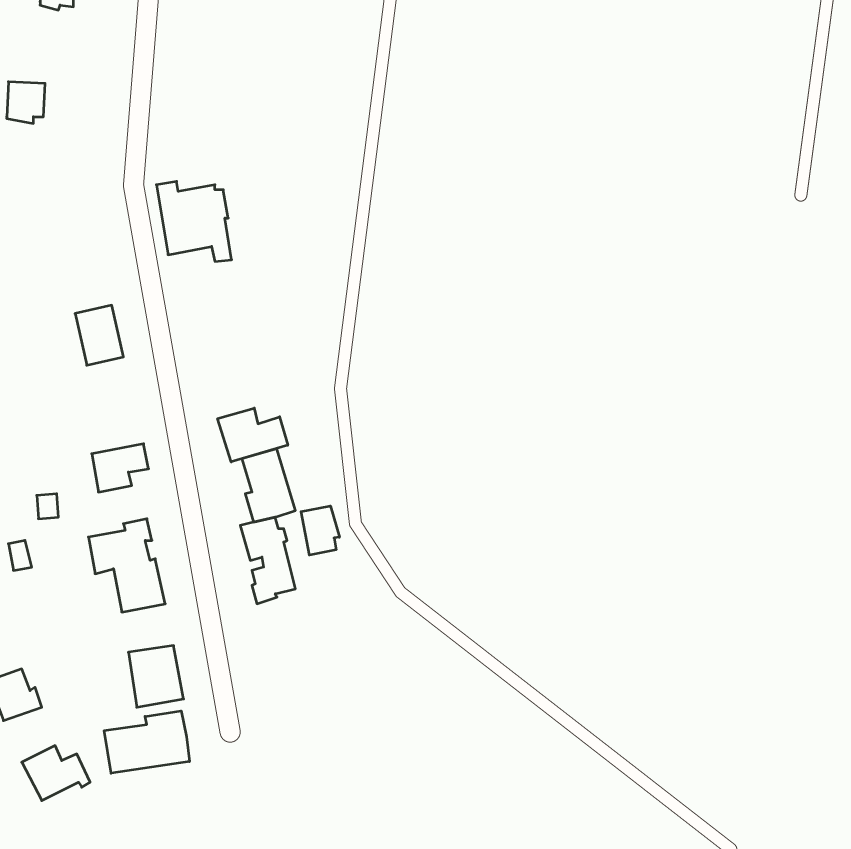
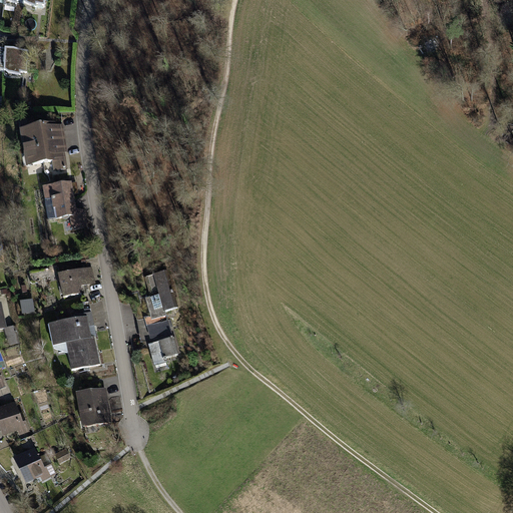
building: [156,181,232,261] -> [20,120,65,168]
building: [218,408,288,462] -> none
building: [301,506,339,555] -> none
building: [104,711,189,773] -> none

